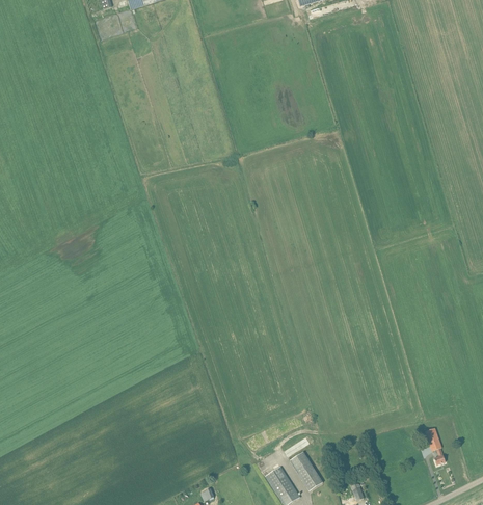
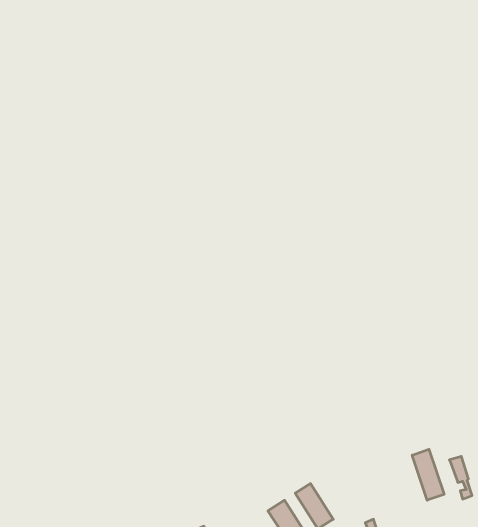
building: none -> [412,449,444,500]

